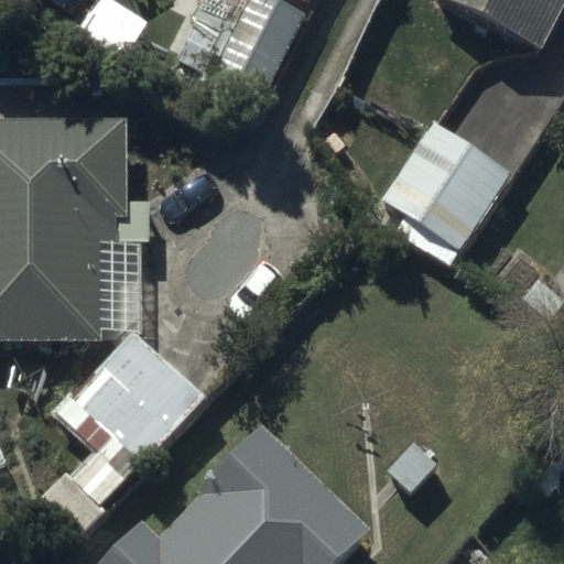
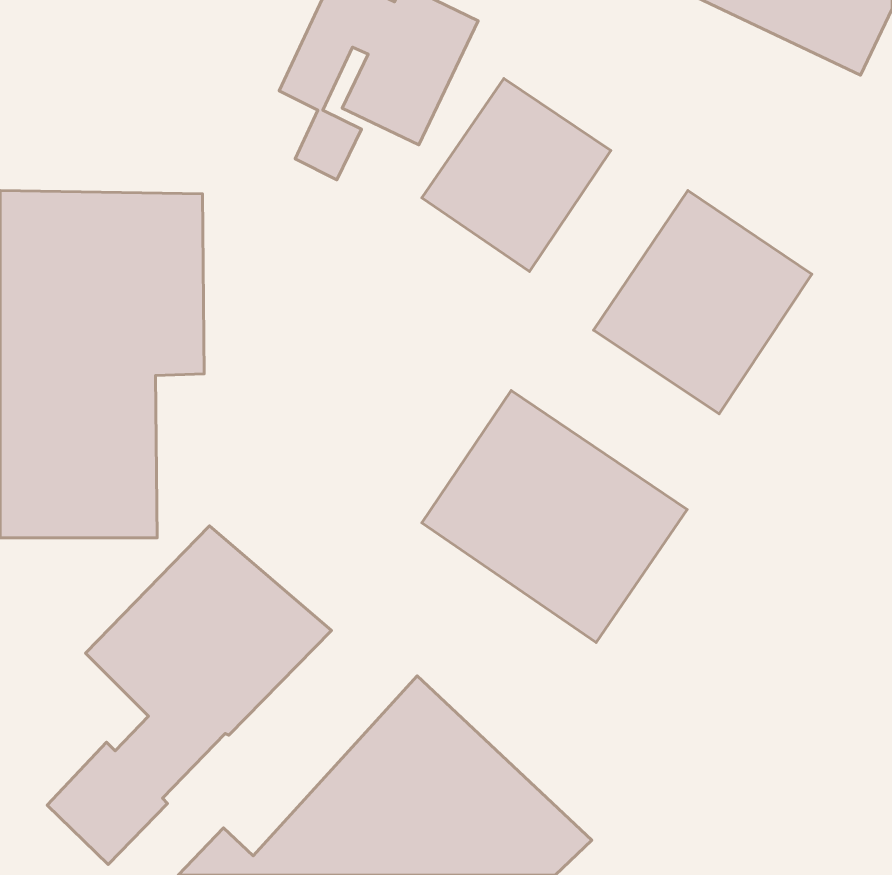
building: none -> [422,78,611,271]
building: none -> [422,390,687,642]

